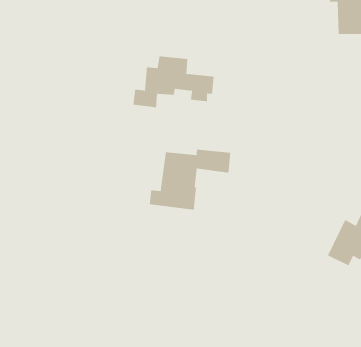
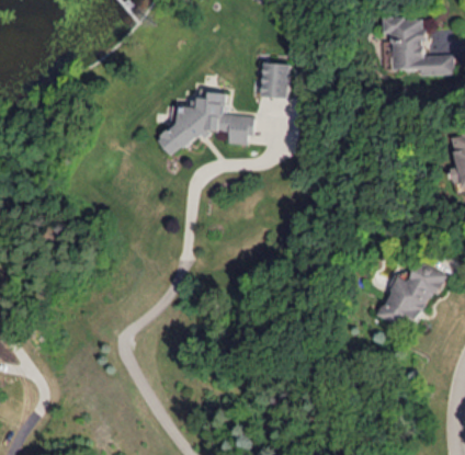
building: none -> [261,62,287,98]
building: [149,149,231,210] -> none

